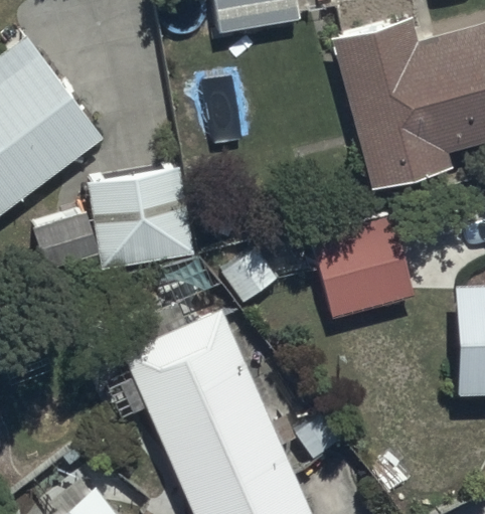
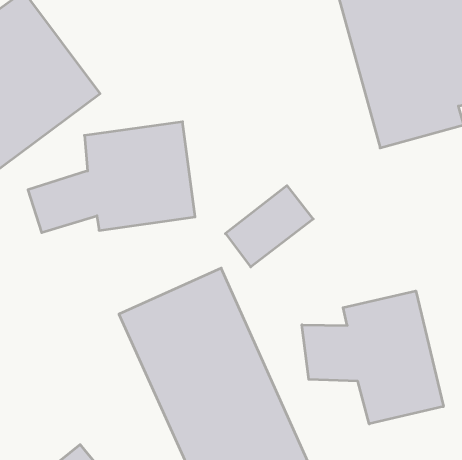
building: [312,213,414,319] -> none
building: none -> [302,291,443,424]

